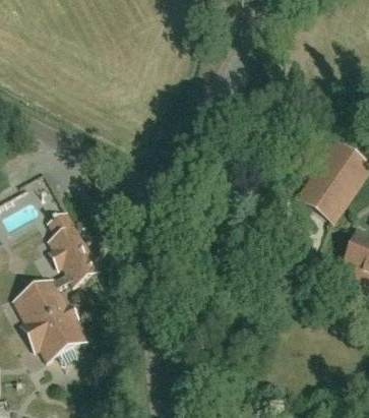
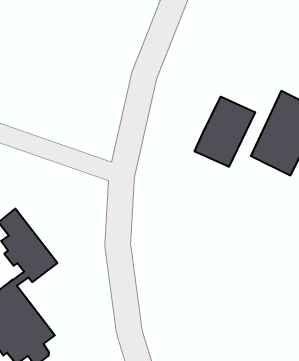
building: none -> [195,97,255,167]

